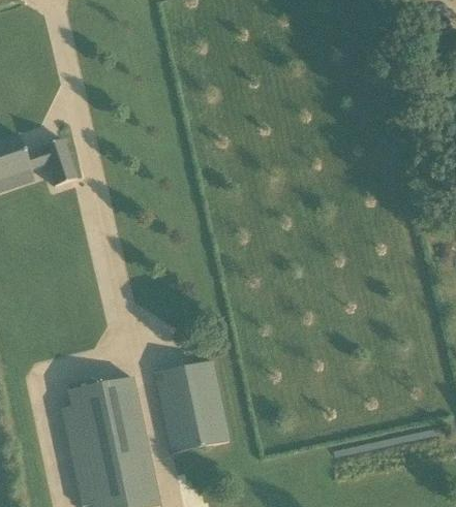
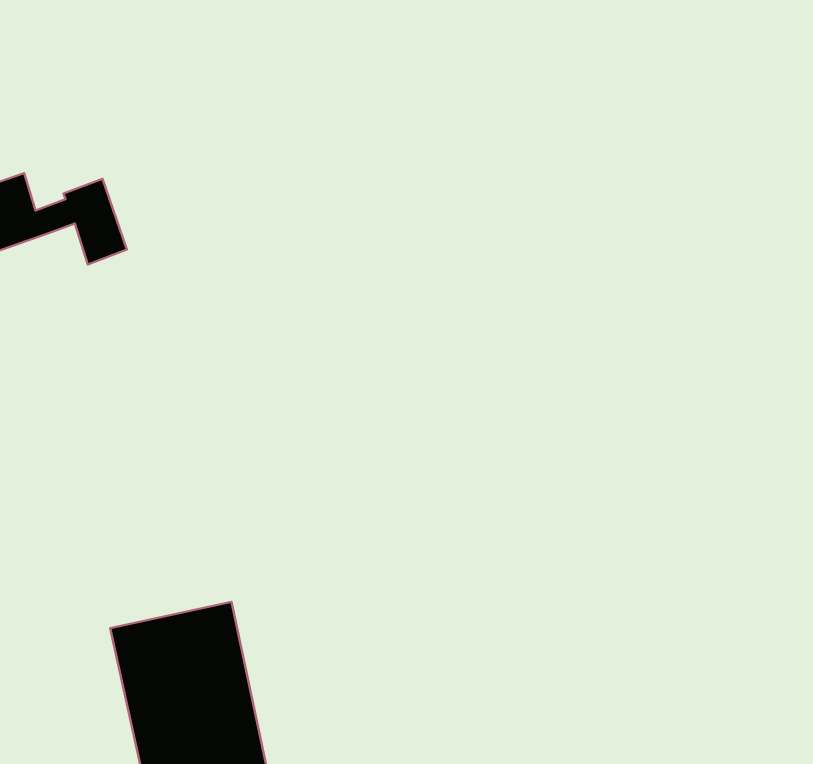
building: [153,360,229,453] -> none

